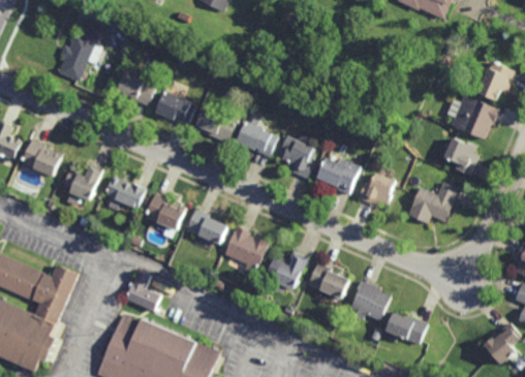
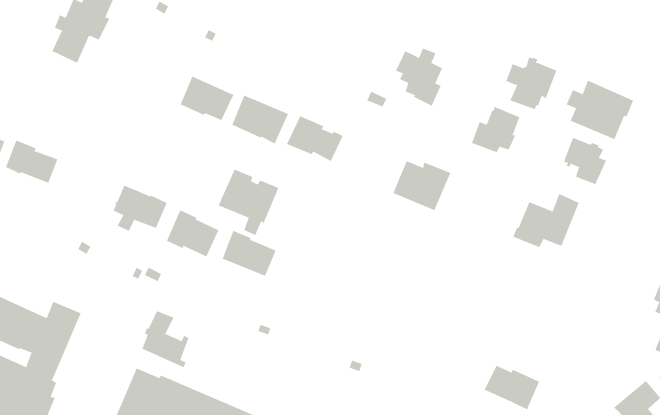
building: [473,62,513,102] -> [505,57,557,110]
building: [115,71,156,106] -> none
building: [278,134,314,179] -> [395,48,443,106]
building: [62,162,102,199] -> none
building: [358,170,395,206] -> [471,106,520,153]
building: [222,226,269,277] -> [218,169,279,236]
building: [266,251,307,294] -> none
building: [307,262,349,304] -> none
building: [350,280,390,320] -> none

